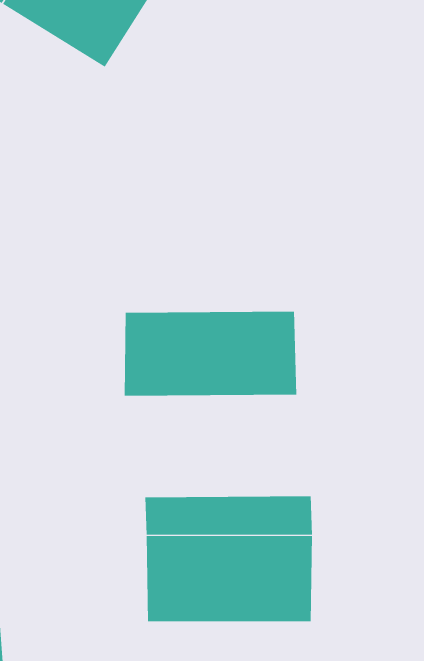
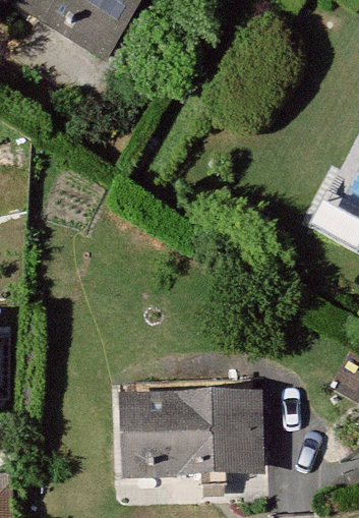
building: [124,311,297,396] -> none

